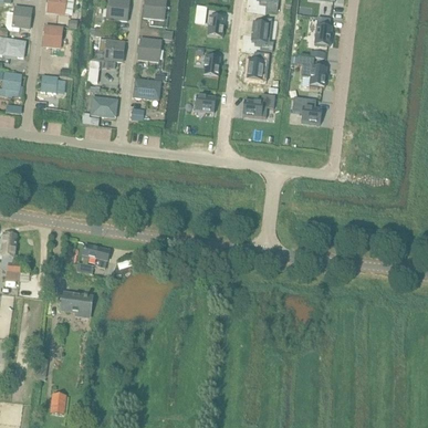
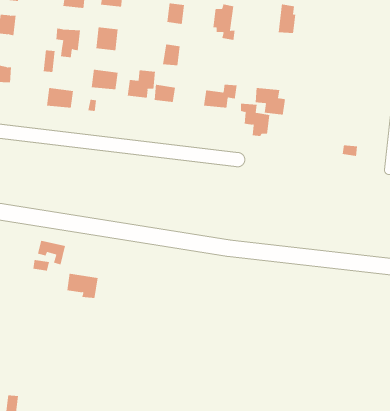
building: [247,51,270,80] -> none
building: [297,55,326,87] -> [240,103,270,137]
building: none -> [127,70,156,99]
building: [61,292,92,316] -> [66,273,99,298]

